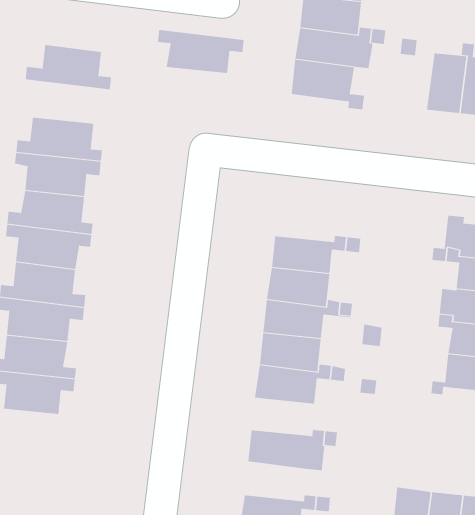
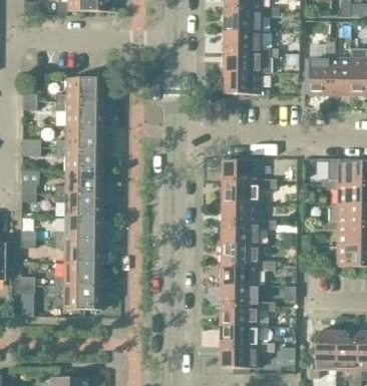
building: [157,29,244,74] -> [57,101,111,124]
building: none -> [223,160,260,182]
building: none -> [221,285,259,305]
building: none -> [221,325,258,346]

